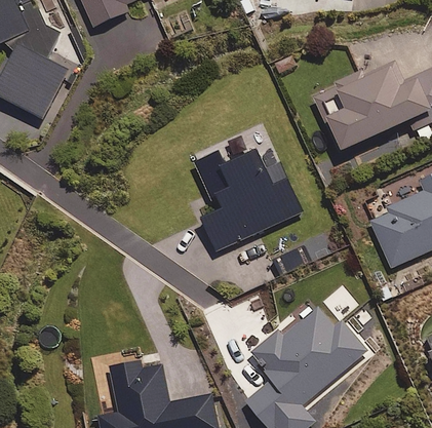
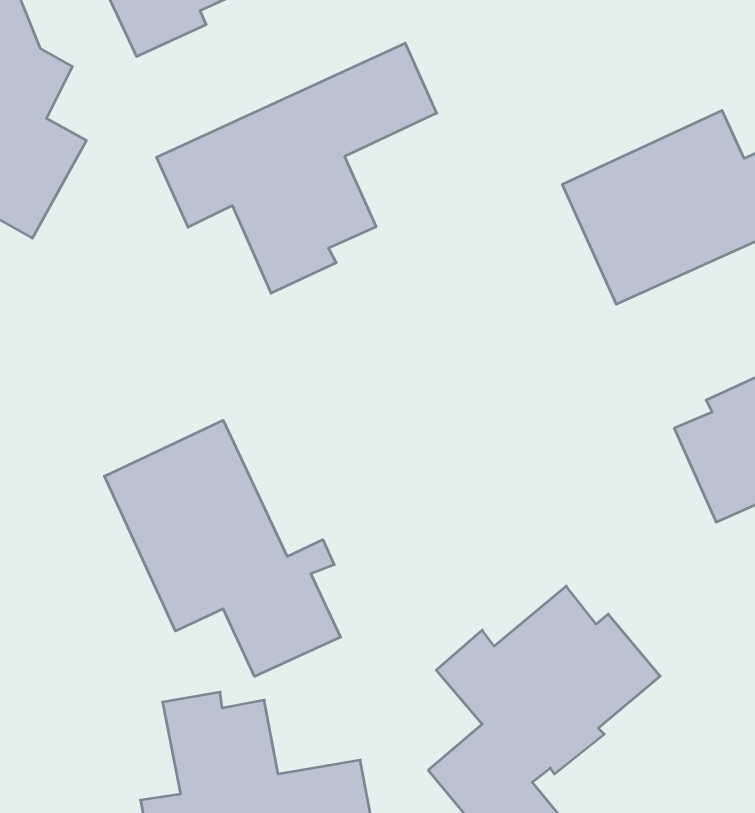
building: none -> [157,43,437,293]
building: [196,150,304,255] -> none
building: none -> [104,420,341,676]

